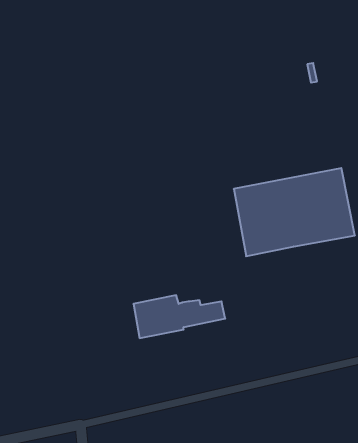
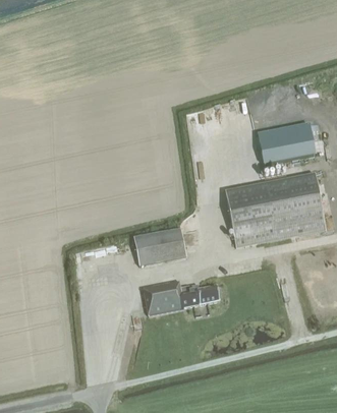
building: none -> [259,122,316,164]
building: none -> [133,227,186,264]

